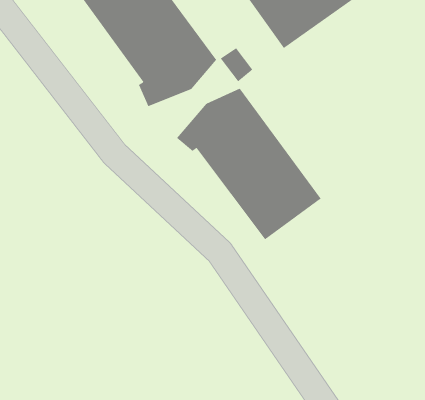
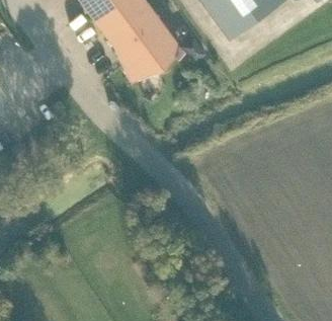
building: [176,88,321,240] -> none

